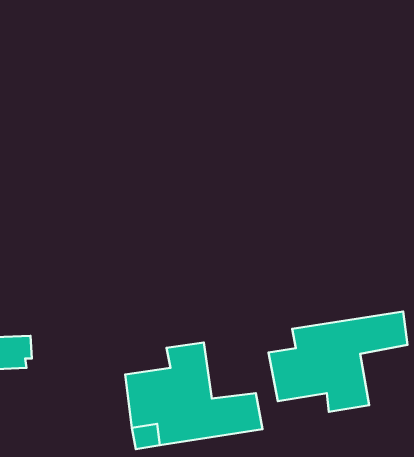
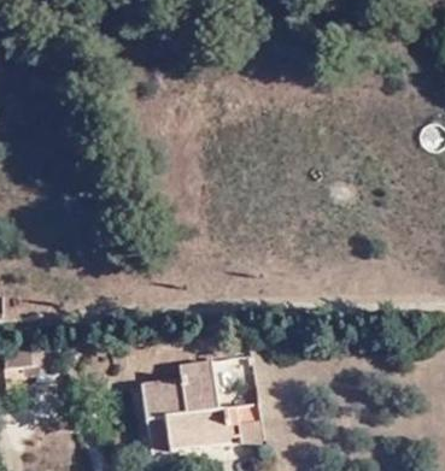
building: [269,311,407,412] -> none

